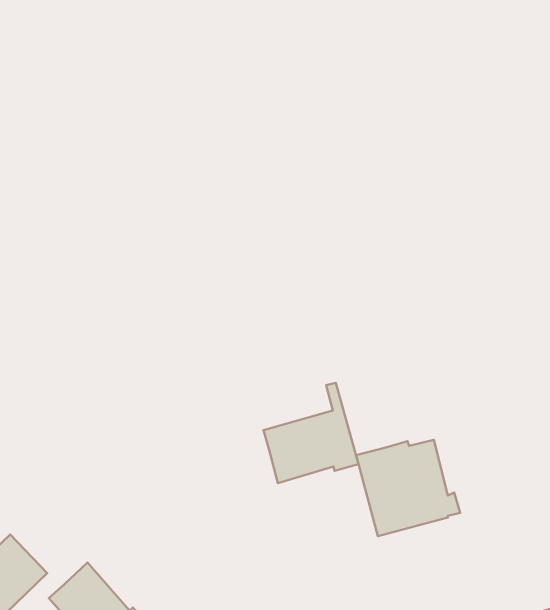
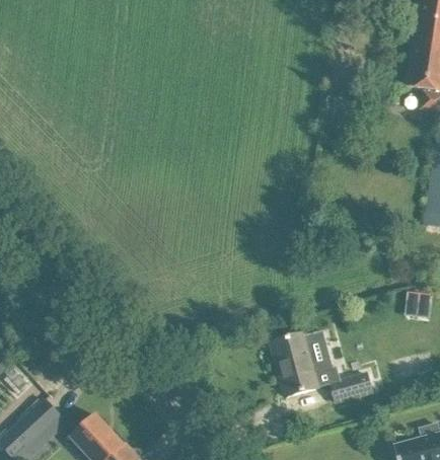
building: [264,383,359,483] -> none
building: none -> [331,373,371,401]

